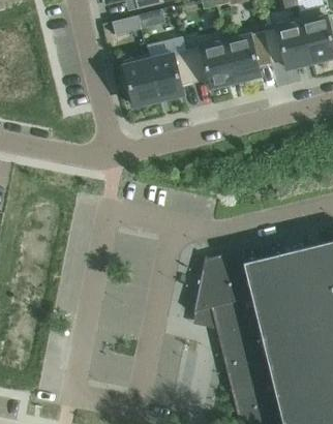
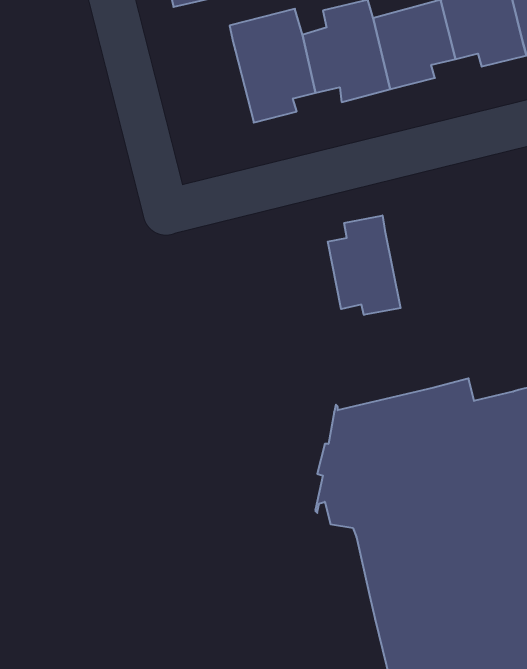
building: [122,55,160,107] -> none
building: none -> [328,215,401,315]

